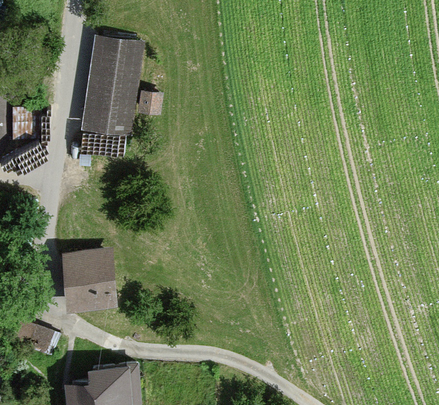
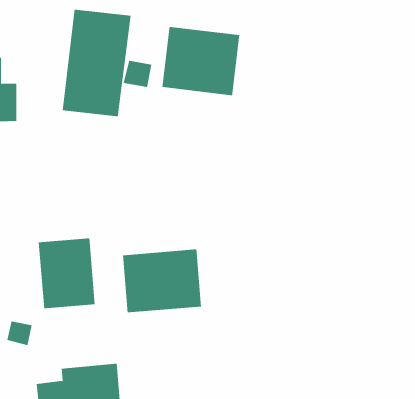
building: none -> [162,26,240,96]
building: none -> [122,249,201,313]

